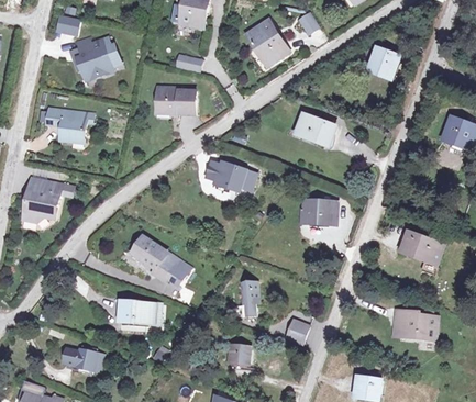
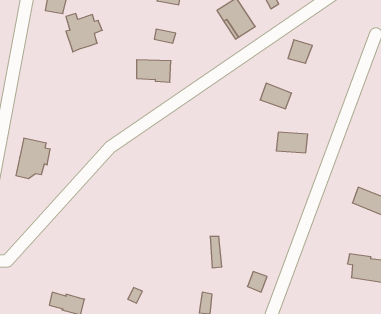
building: [369,49,397,76] -> [288,40,312,63]
building: [47,107,88,139] -> none
building: [206,165,254,194] -> none
building: [298,203,333,226] -> [276,132,308,153]
building: [129,238,186,287] -> none
building: [117,302,158,325] -> none

